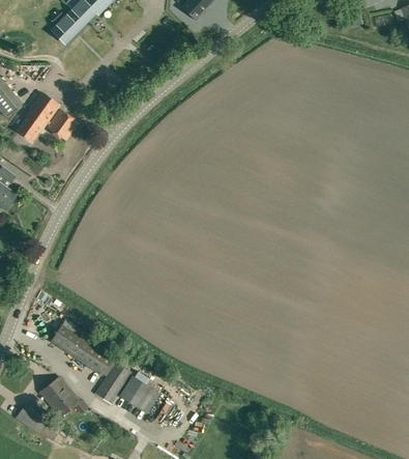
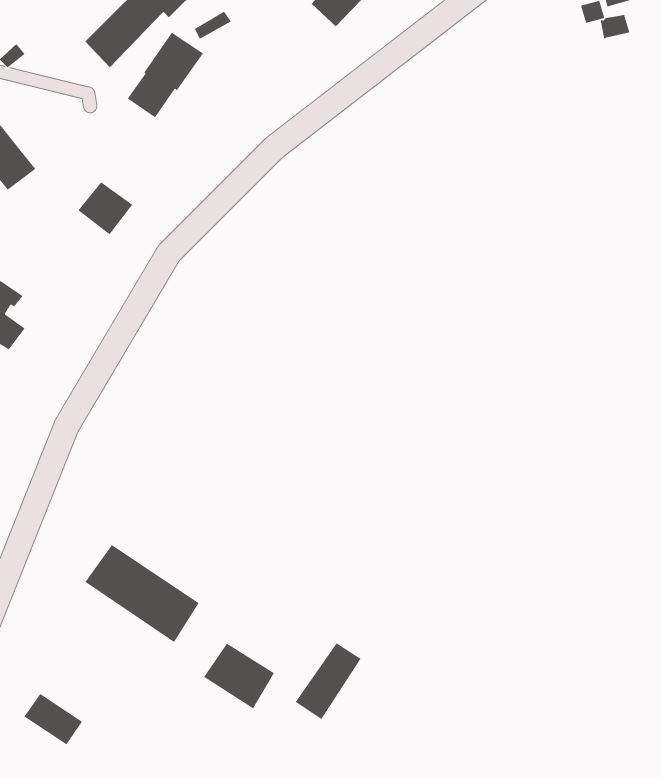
building: [14,92,59,142] -> [127,32,204,118]
building: [92,363,130,407] -> [295,643,361,720]
building: [39,377,80,418] -> none

